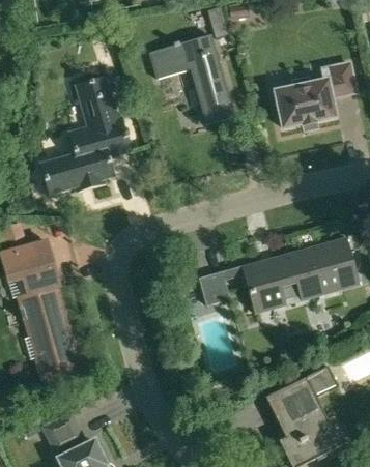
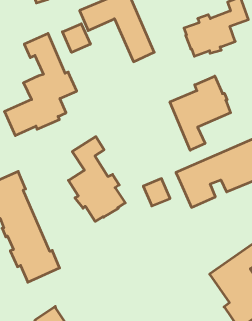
building: none -> [62,24,90,52]
building: none -> [170,76,231,150]
building: none -> [68,137,125,221]

